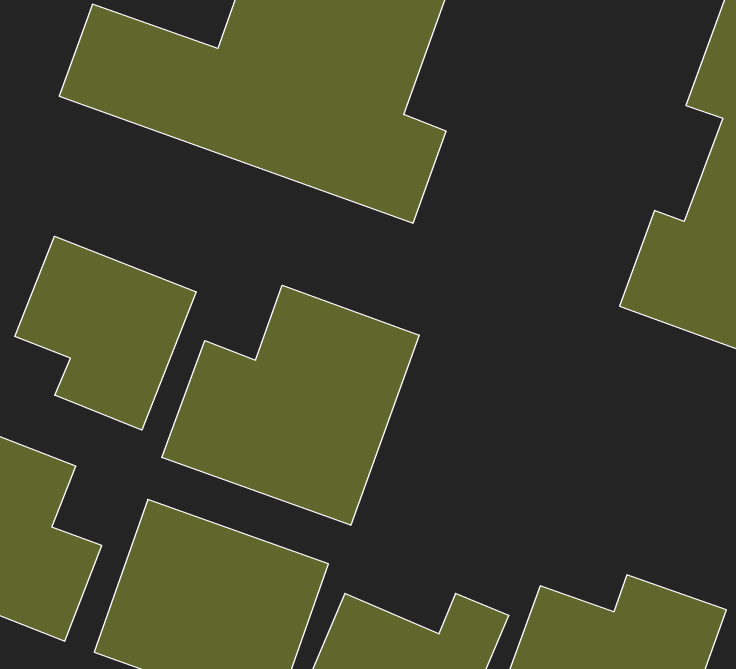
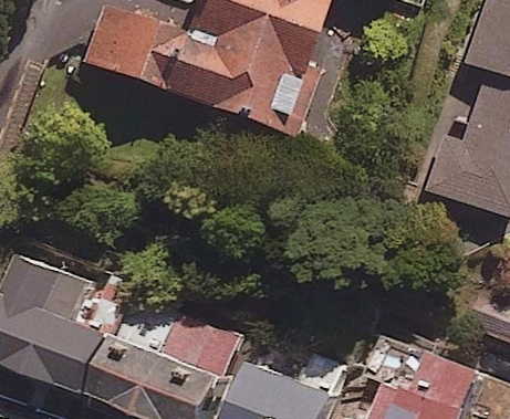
building: [15,236,196,430] -> none
building: [162,285,419,525] -> none

